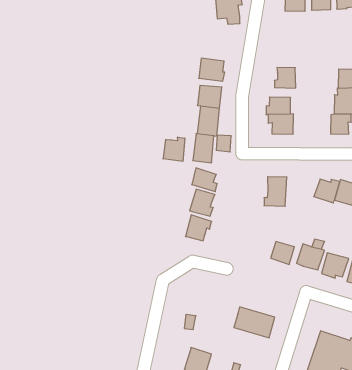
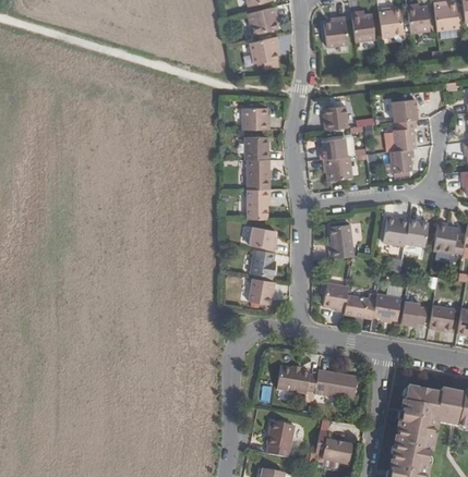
building: [163,137,185,161] -> none
building: none -> [321,282,348,311]
building: none -> [275,366,315,393]

